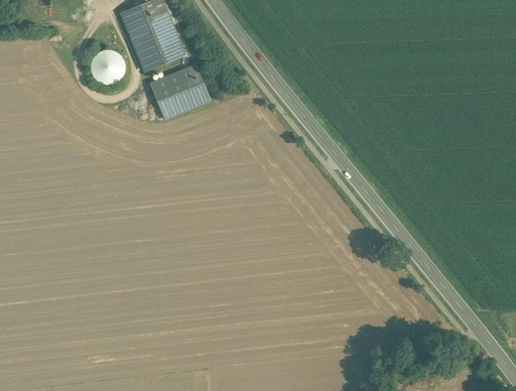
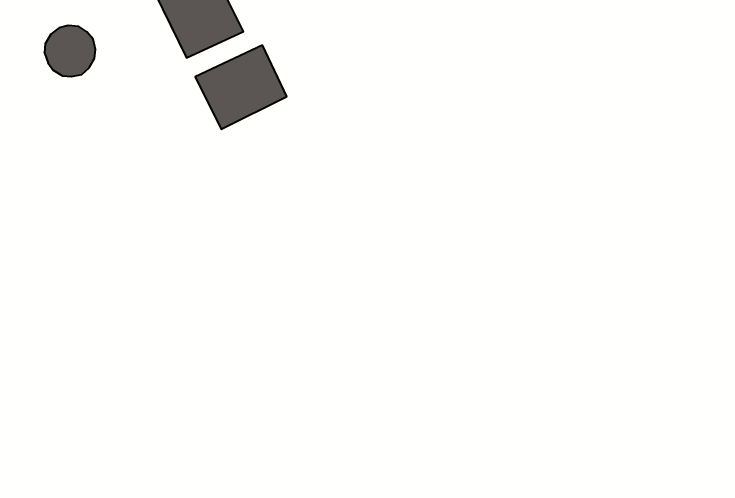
building: [90,49,124,84] -> [44,26,95,77]

